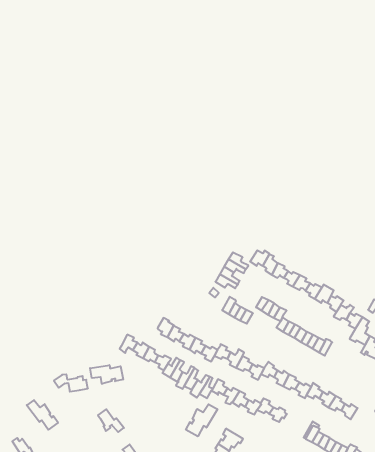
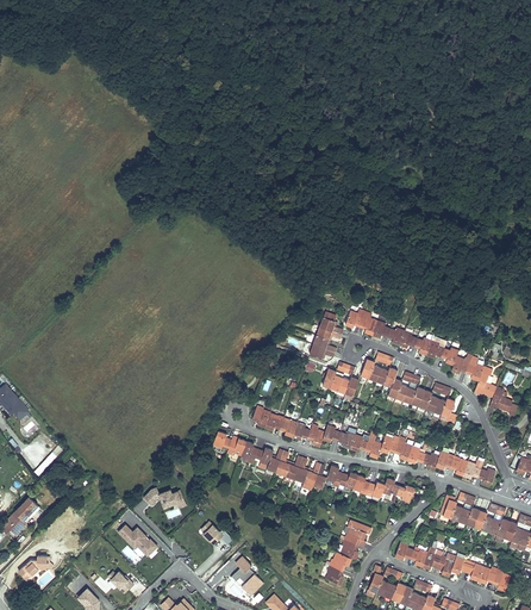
building: [90,365,123,384] -> none
building: [186,404,217,436] -> none

